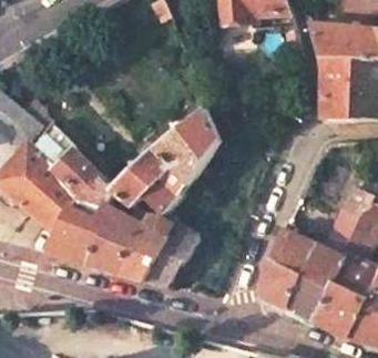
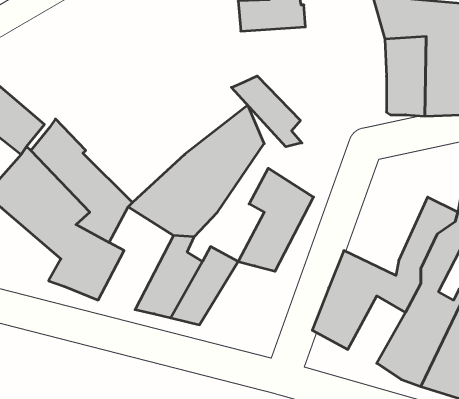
building: none -> [231,76,302,147]
building: [83,192,144,275] -> [238,168,314,271]
building: [285,264,331,318] -> none

